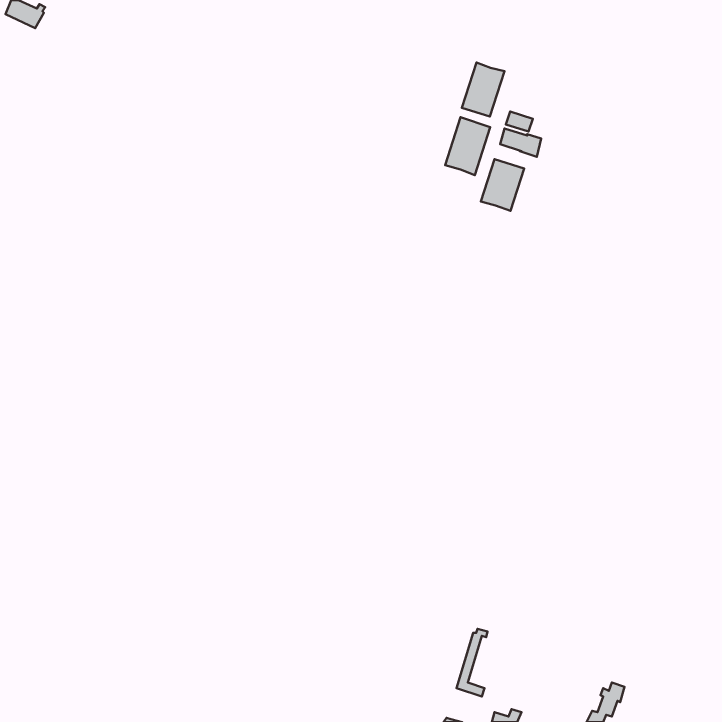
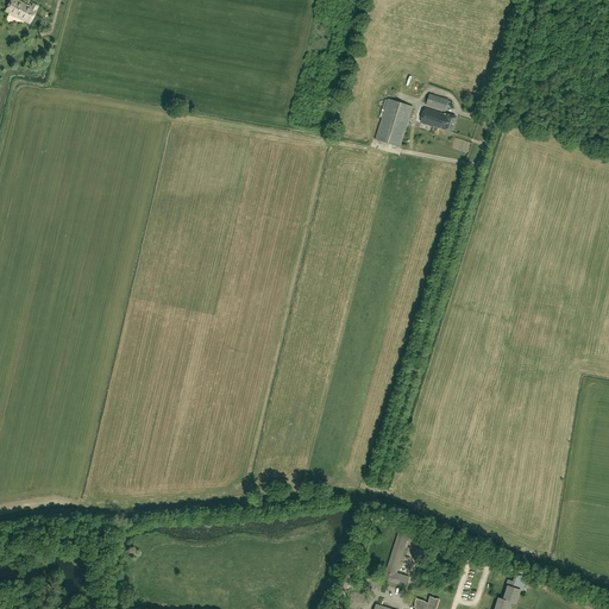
building: [462,63,504,116] -> none
building: [481,159,524,211] -> none

